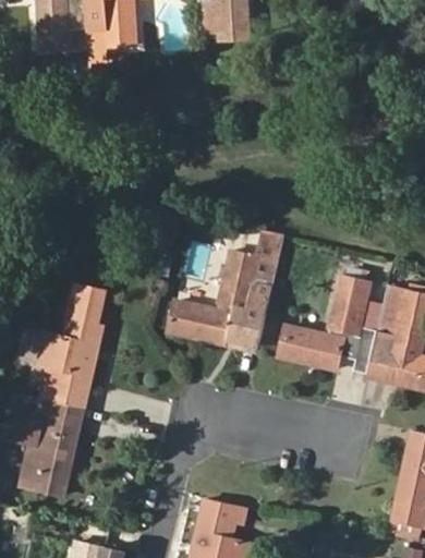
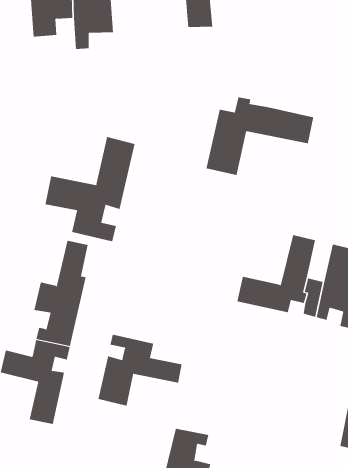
building: none -> [206,97,314,176]
building: none -> [45,136,135,242]
building: [169,229,283,349] -> none
building: none -> [98,334,182,407]

